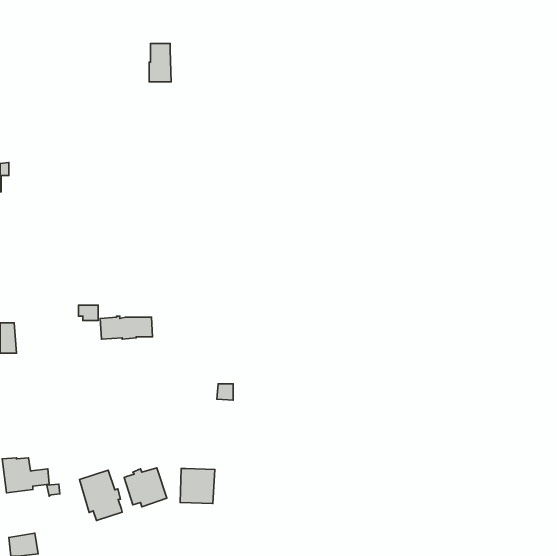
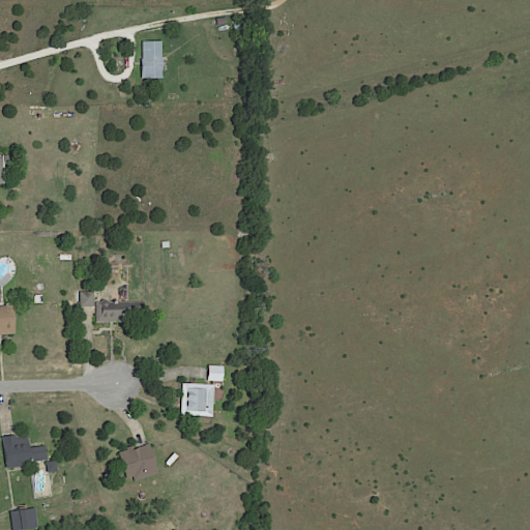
building: [180,469,215,503] -> [180,382,213,415]
building: [79,470,122,520] -> none

